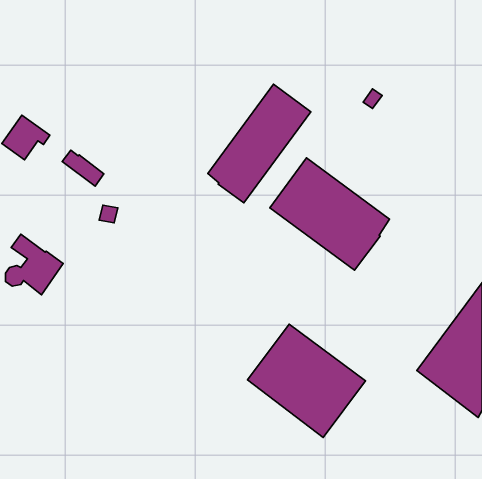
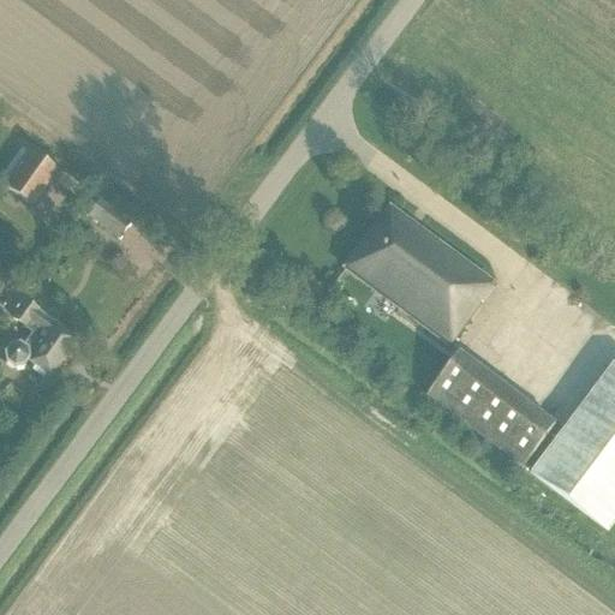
building: [208,84,311,203] -> none
building: [248,324,366,437] -> [420,332,571,476]

